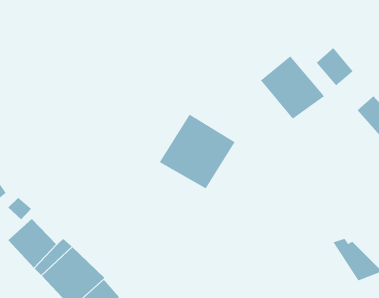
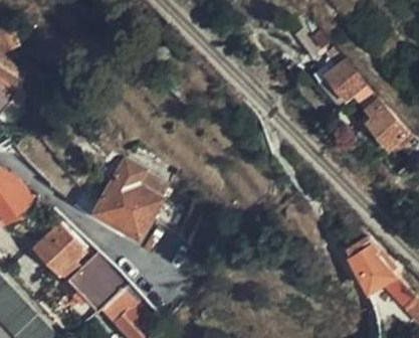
building: [260,56,325,120] -> none
building: [159,114,235,189] -> [94,164,168,236]

